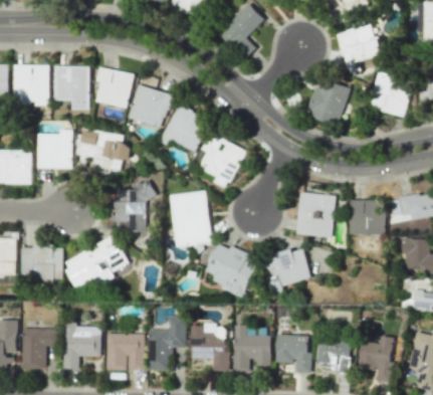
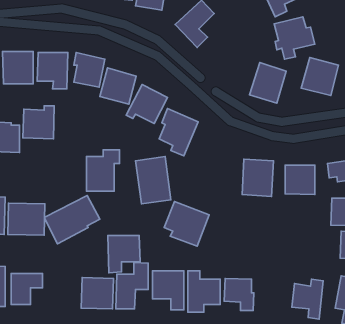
building: [76,128,132,172] -> none
building: [263,246,310,293] -> none
building: [63,325,101,369] -> [108,236,140,273]
building: [316,329,350,374] -> none

